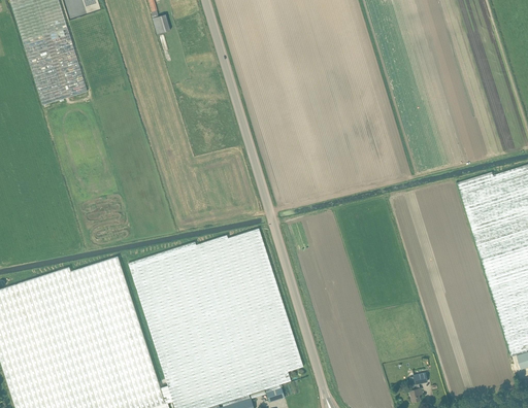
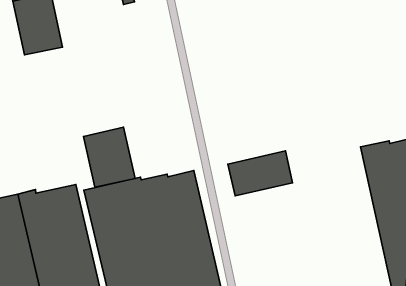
building: none -> [84,127,135,187]
building: none -> [228,151,292,196]

